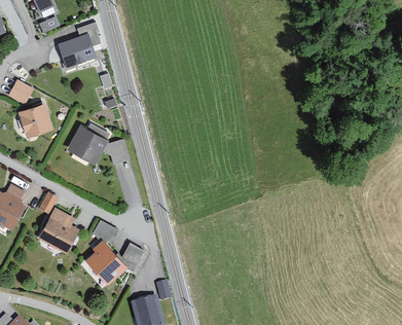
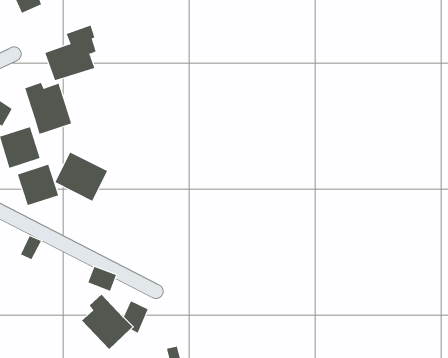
building: none -> [25,82,72,135]
building: none -> [17,164,59,206]
building: [40,211,74,248] -> none

